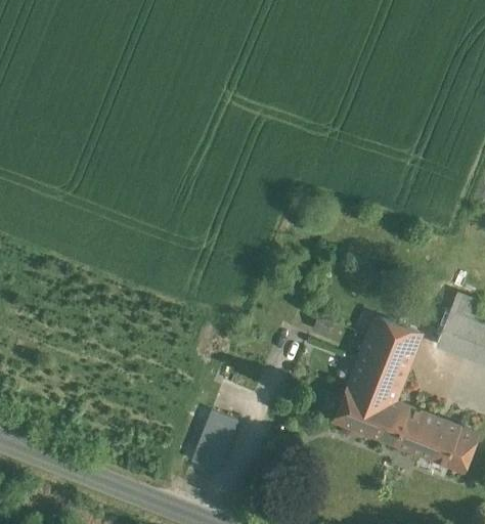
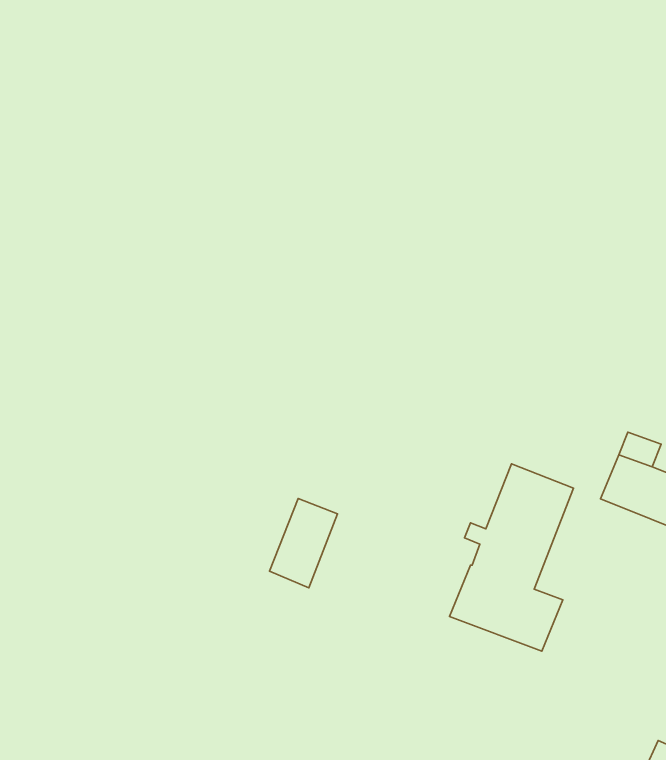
building: [397,409,477,471] -> none
building: [191,411,237,472] -> [270,499,338,588]

